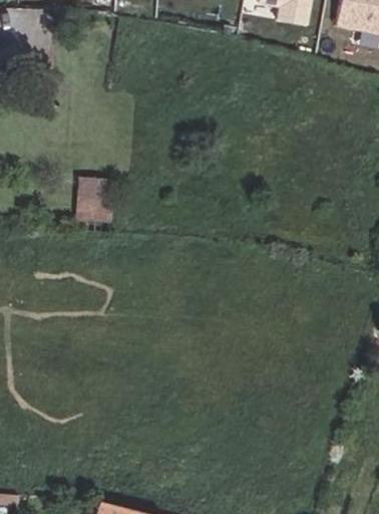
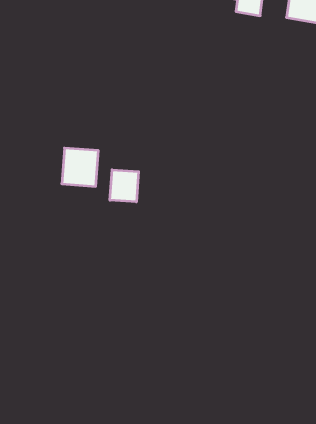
building: none -> [110,170,139,202]

